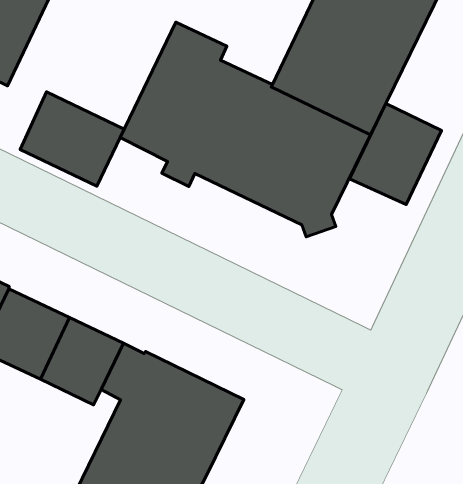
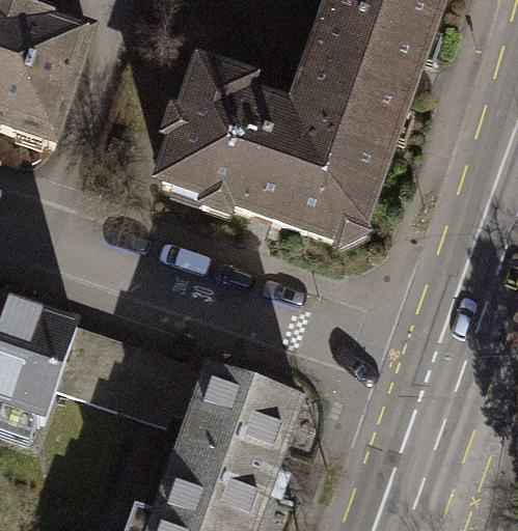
building: [20,92,124,186] -> none
building: [349,104,442,205] -> none

